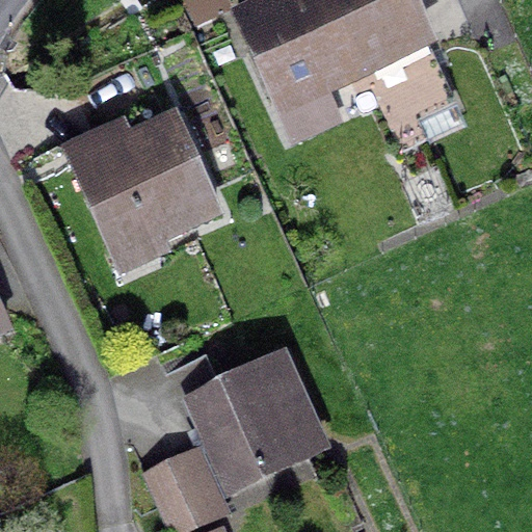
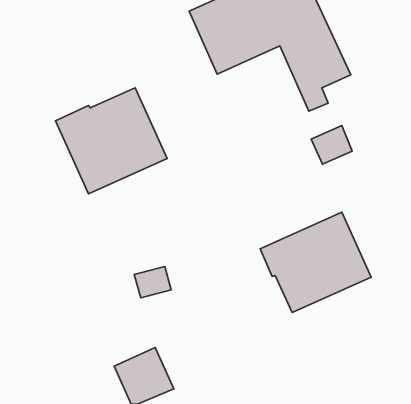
building: none -> [260,212,371,313]
building: [188,351,321,489] -> none

